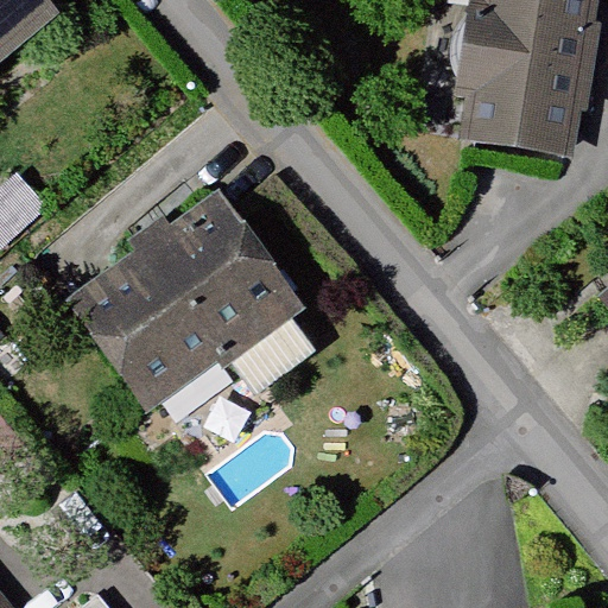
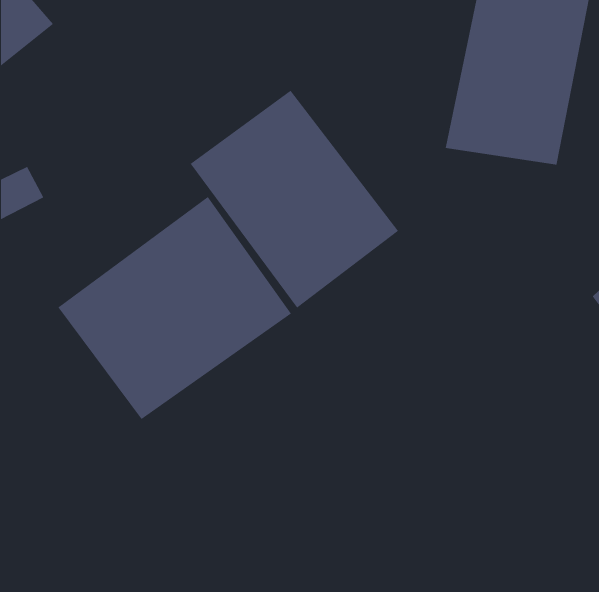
building: none -> [190,90,399,309]

